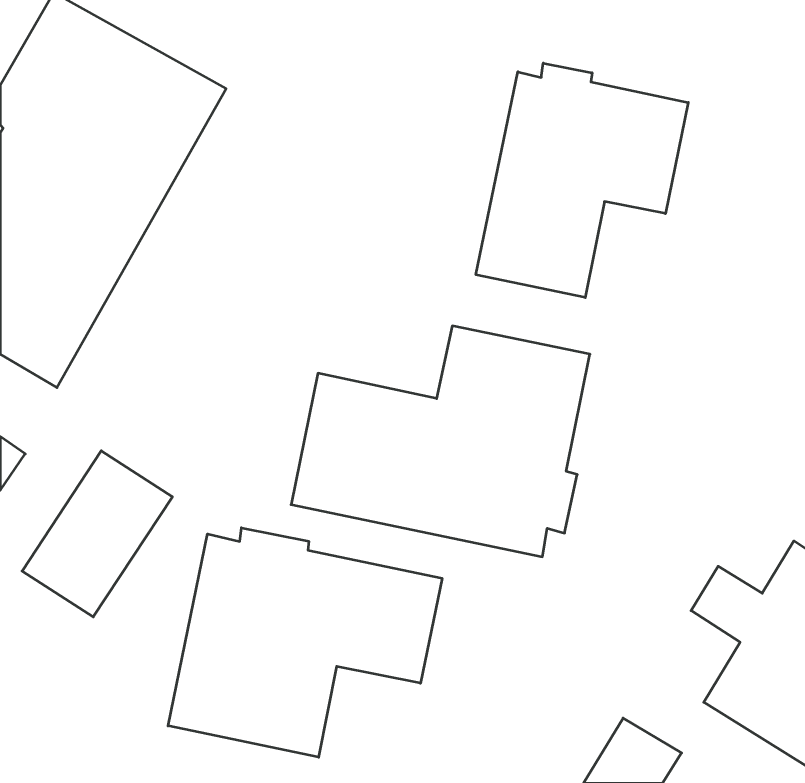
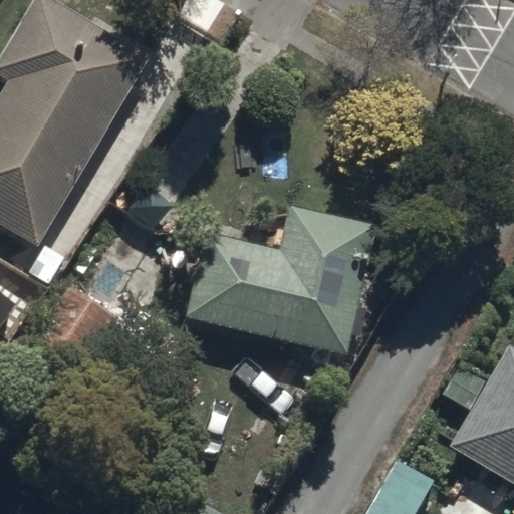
building: [476,63,688,298] -> none
building: [168,528,442,757] -> none

